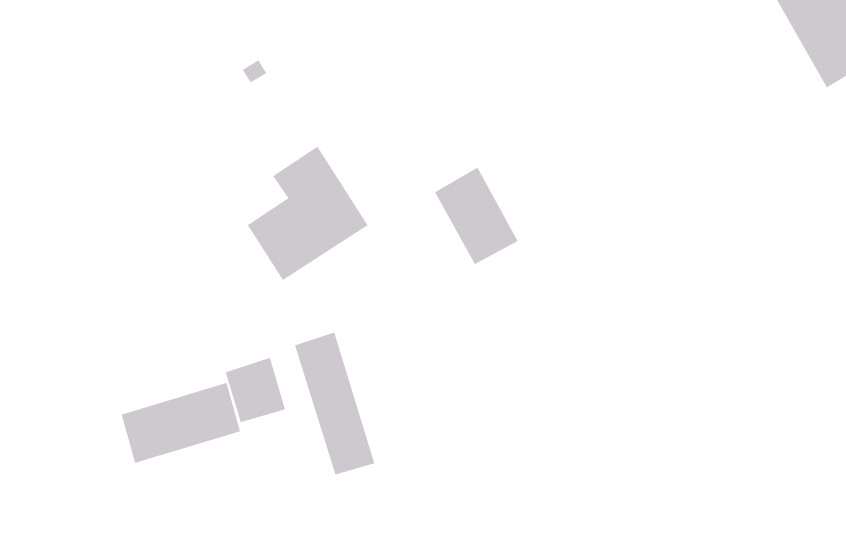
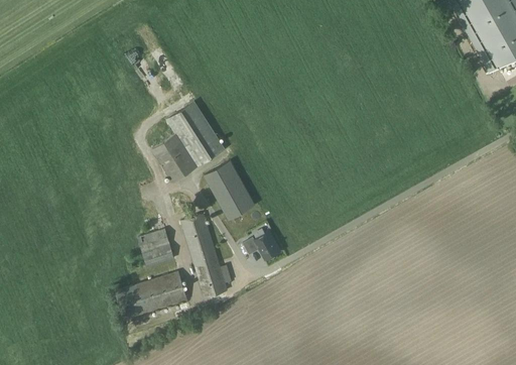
building: [434,167,519,265] -> [205,160,255,219]
building: none -> [254,232,281,260]
building: [121,382,241,463] -> [116,271,187,320]

